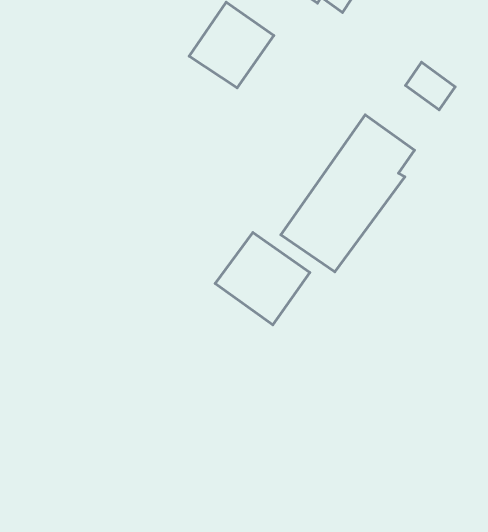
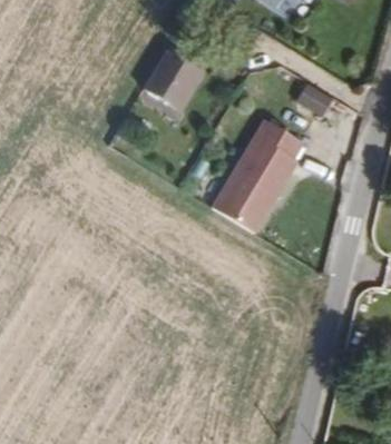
building: [215,233,310,325] -> none

